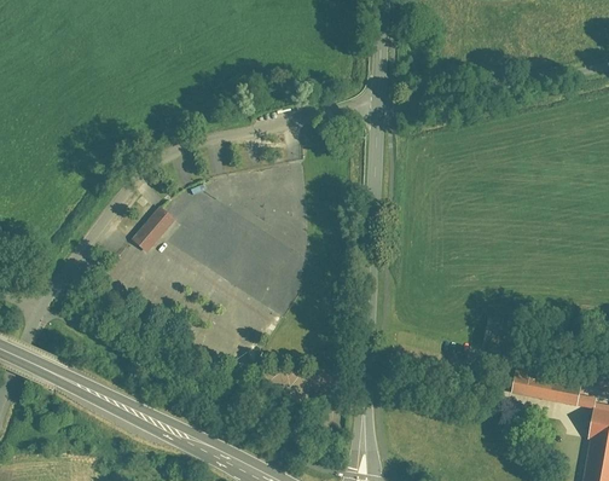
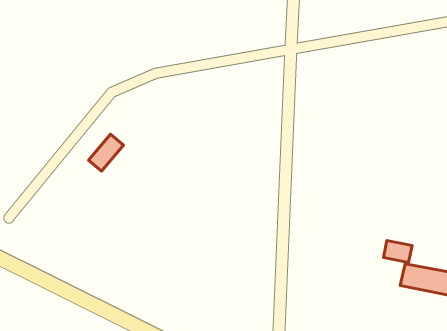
building: none -> [383,240,412,262]

